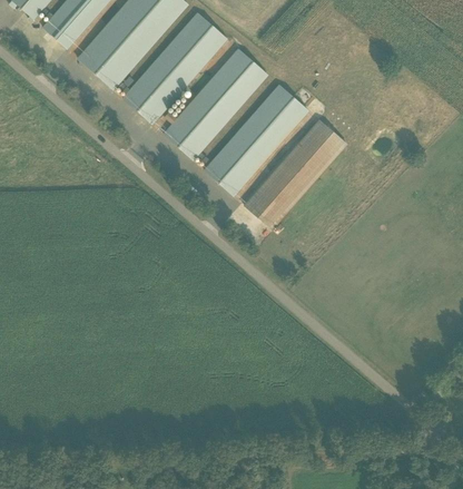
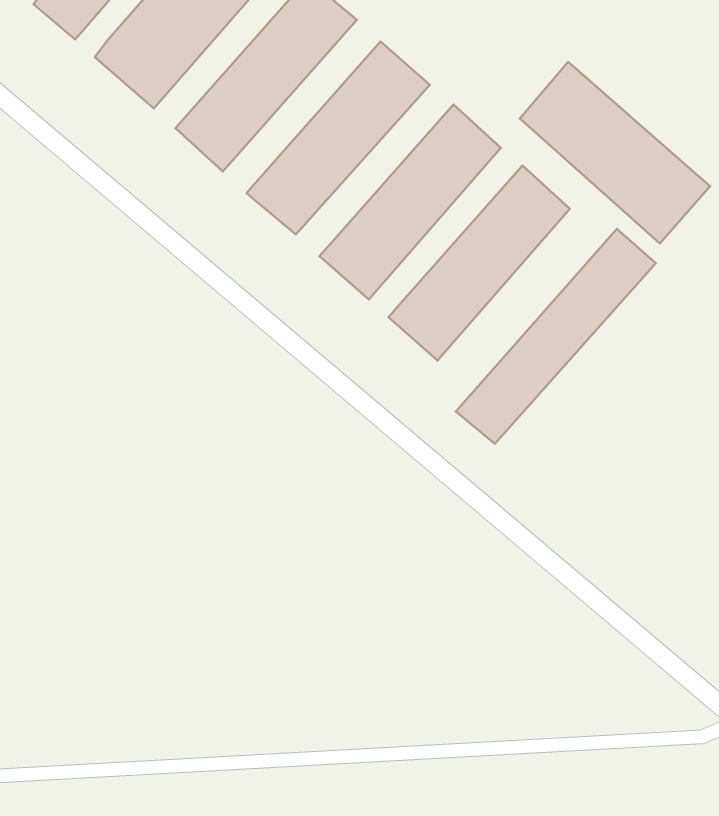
building: none -> [520,62,710,243]
building: none -> [456,229,656,444]

